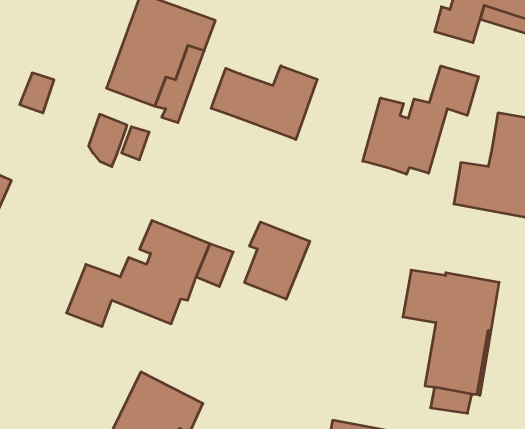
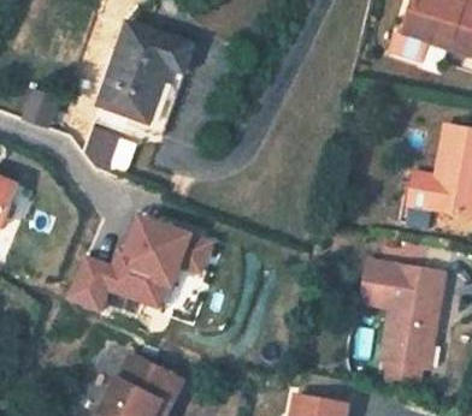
building: [211,66,317,140] -> none
building: [363,66,479,174] -> none
building: [245,222,310,299] -> none

